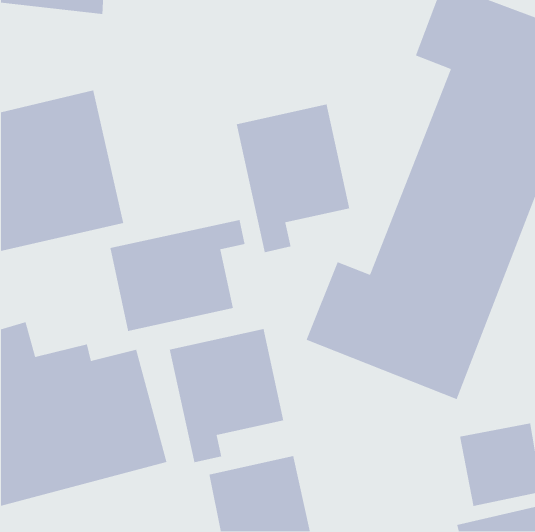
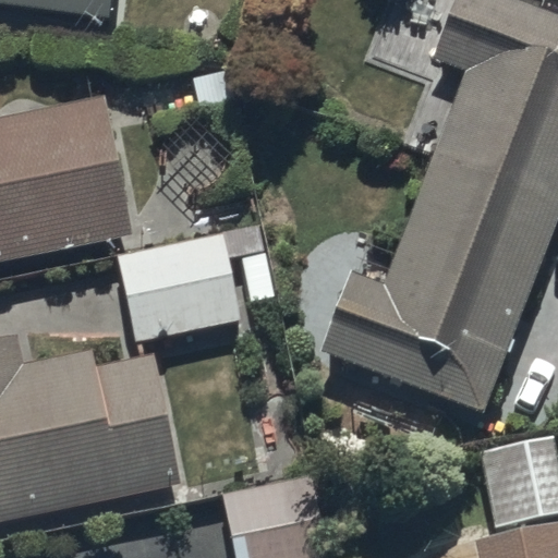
building: [236,104,350,253] -> none
building: [169,328,284,463] -> none

